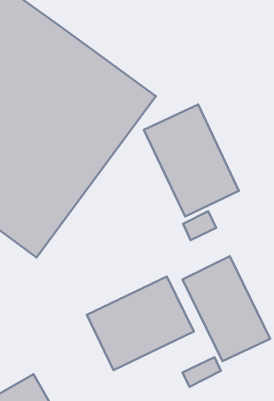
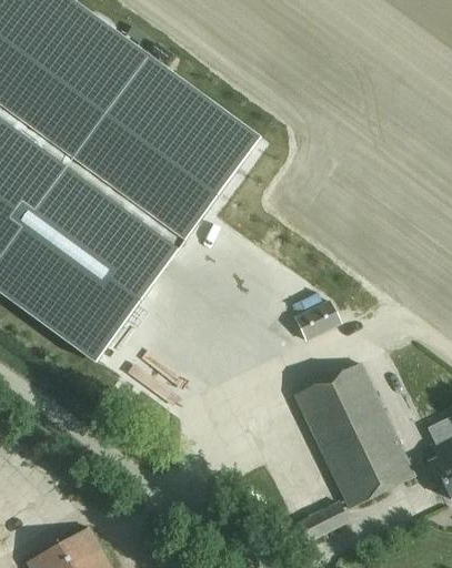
building: [144,104,239,217] -> none
building: [87,277,194,370] -> none

